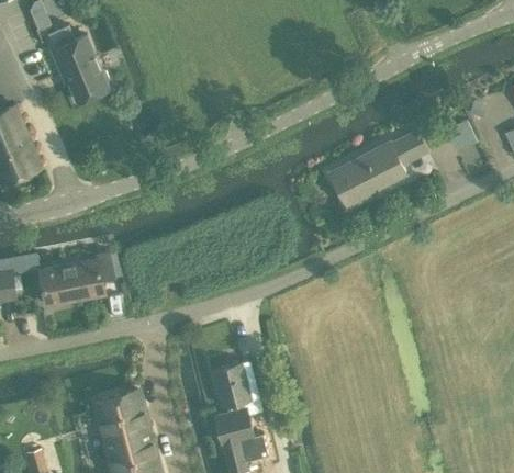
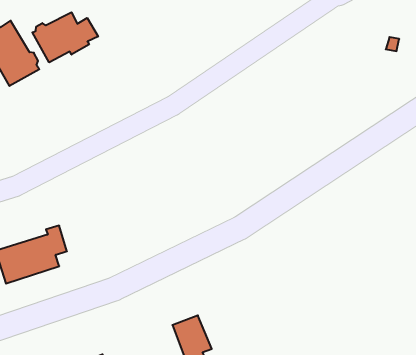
building: none -> [32,12,98,62]
building: [332,133,425,209] -> none

